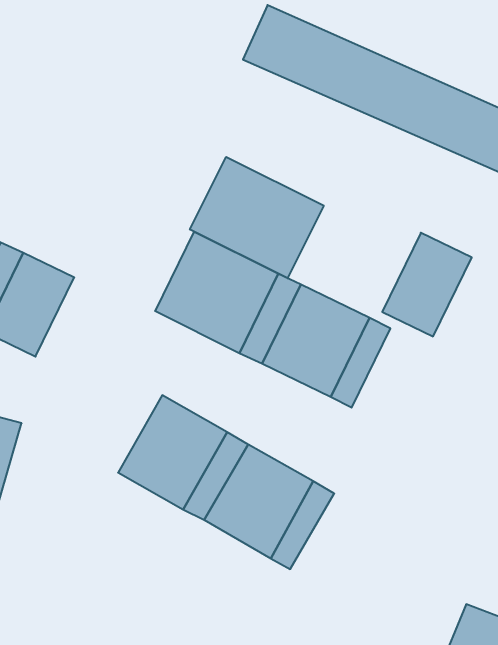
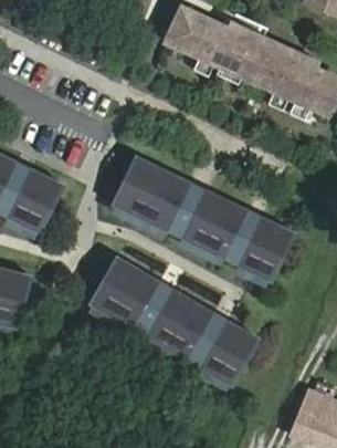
building: [190,157,324,278] -> none
building: [382,233,472,336] -> [235,216,292,281]
building: none -> [197,320,254,385]

